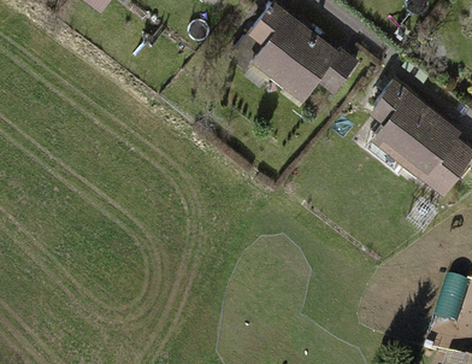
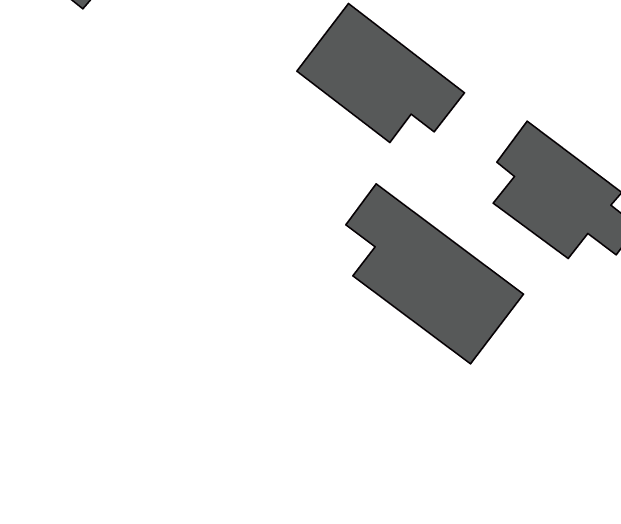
building: none -> [346,184,523,364]

